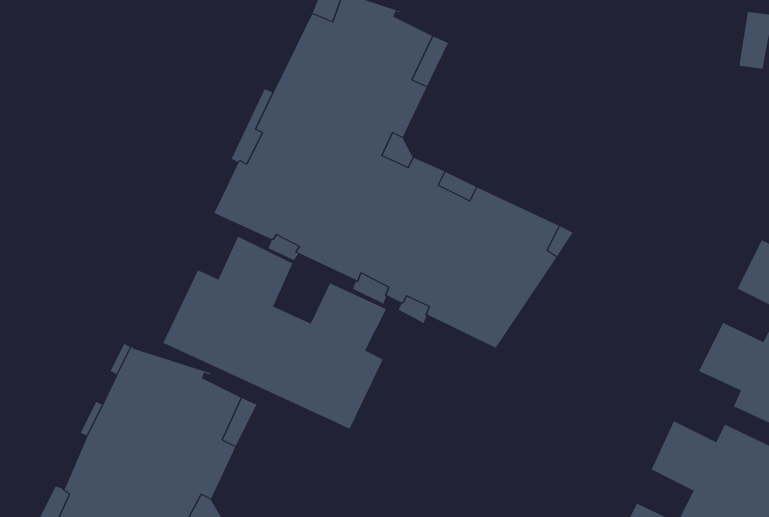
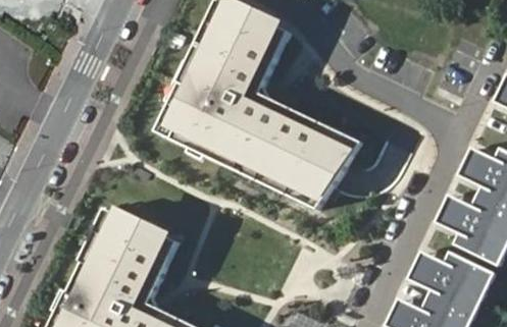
building: [162,236,387,429] -> none

